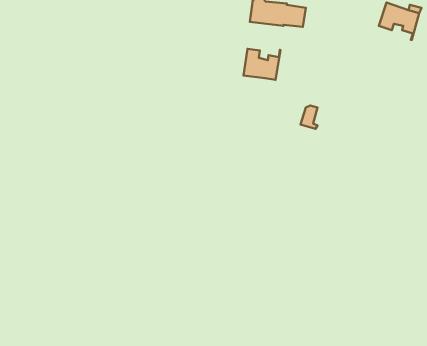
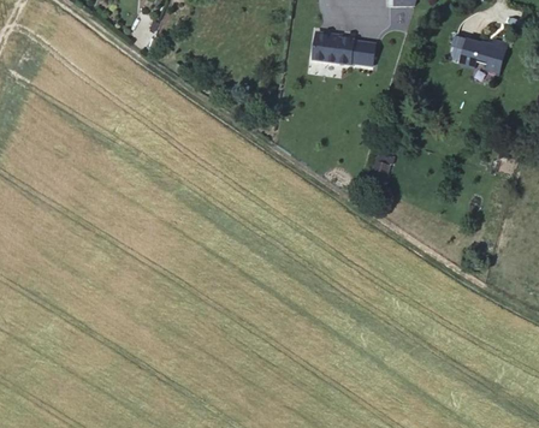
building: [244,49,281,80] -> none

